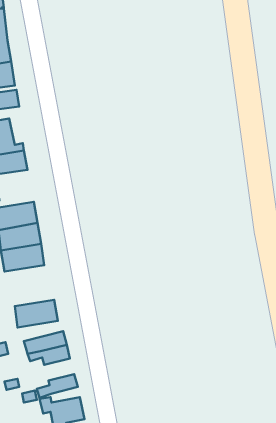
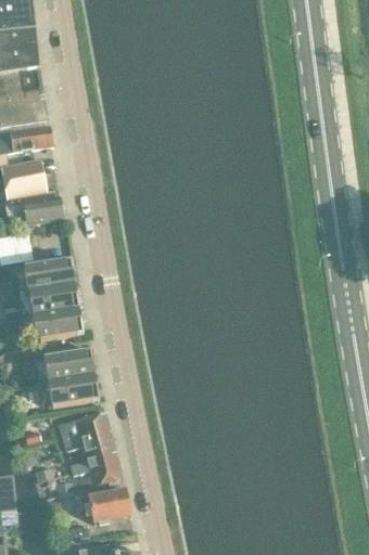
building: none -> [42,348,93,382]
building: none -> [69,443,117,474]

